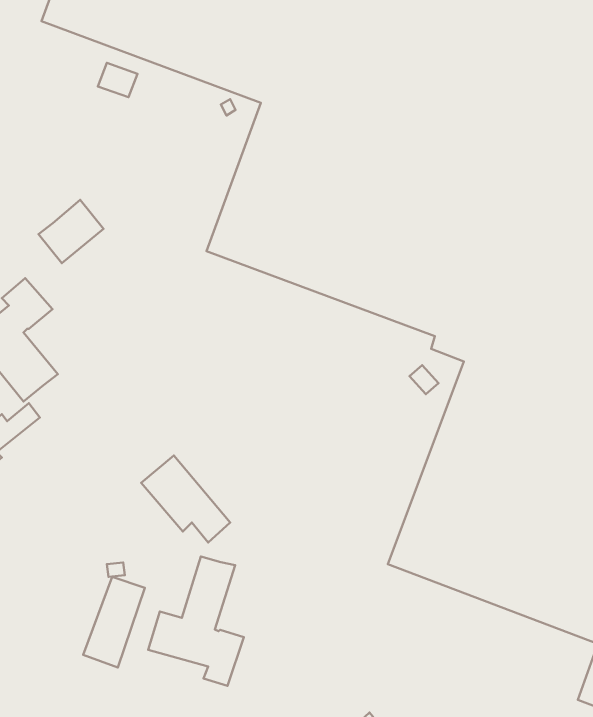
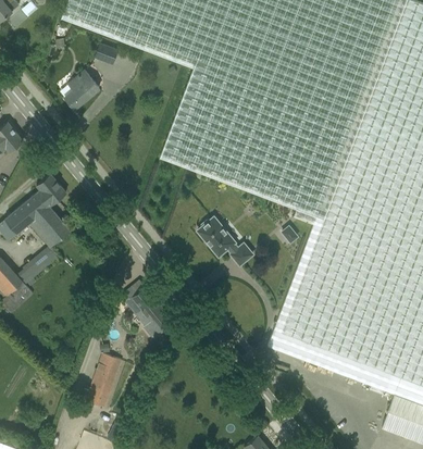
building: [38,200,104,263] -> [61,70,100,108]
building: none -> [199,216,253,264]
building: [148,557,244,686] -> none

